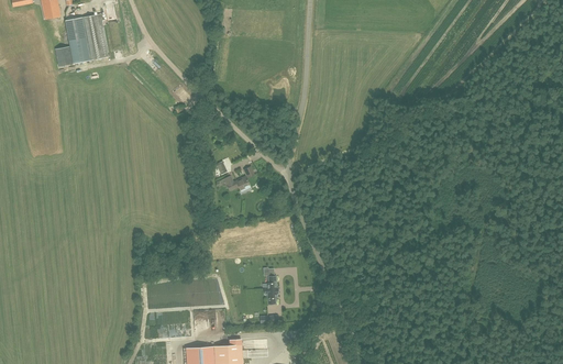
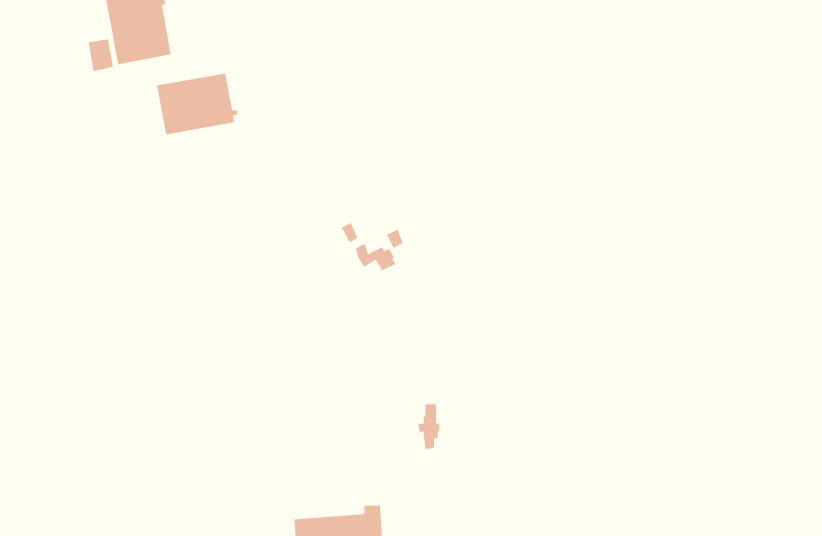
building: none -> [157,73,238,135]

